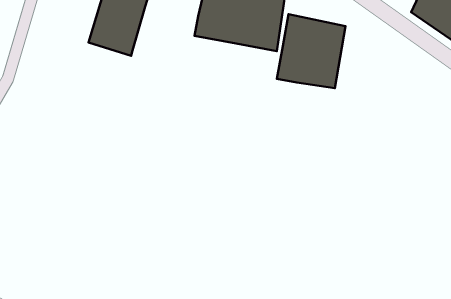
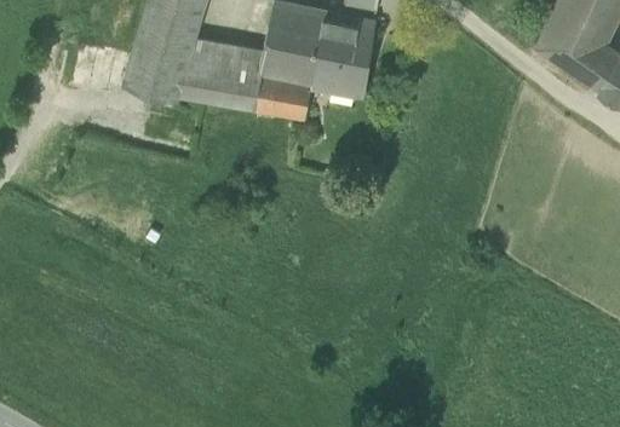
building: none -> [179,39,312,121]
building: [277,14,345,88] -> none

